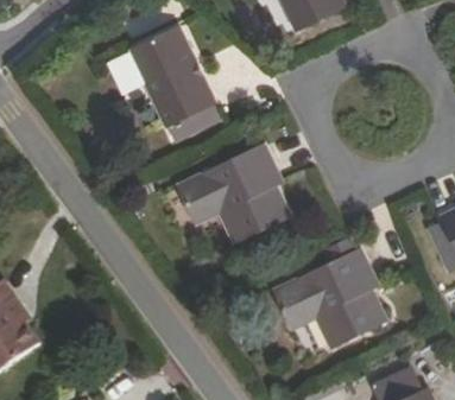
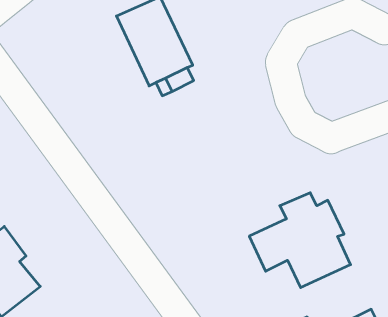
building: [177,145,286,239] -> none

